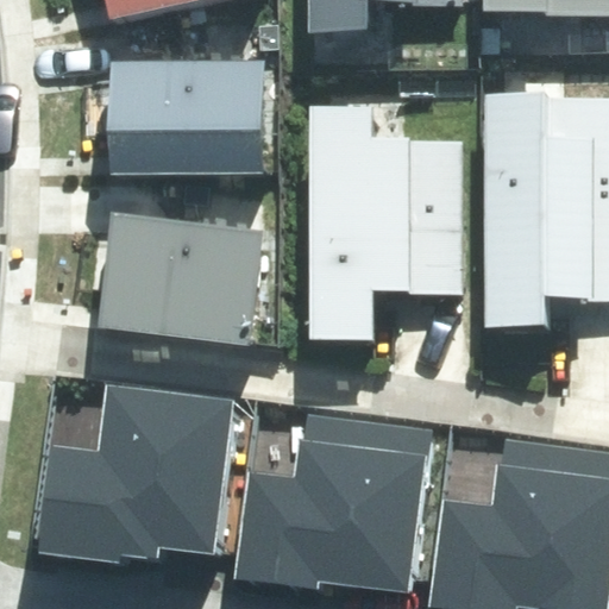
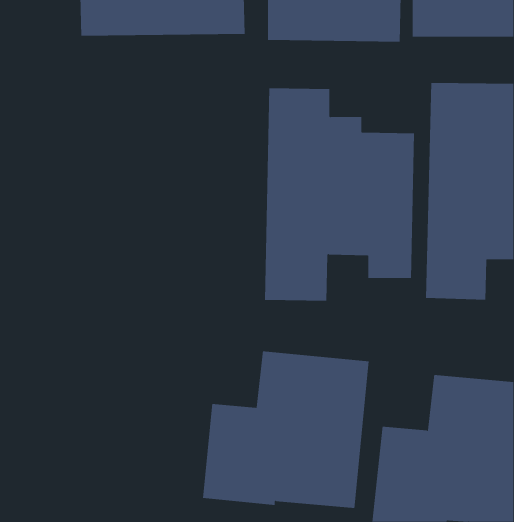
building: [111,55,287,184] -> none
building: [98,212,283,358] -> none
building: [40,383,233,560] -> none

